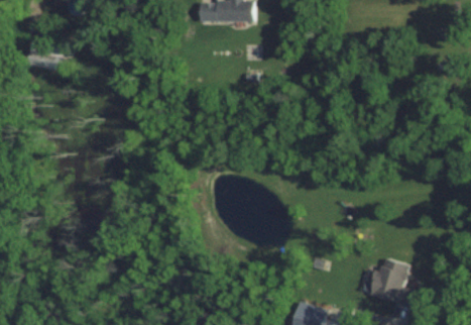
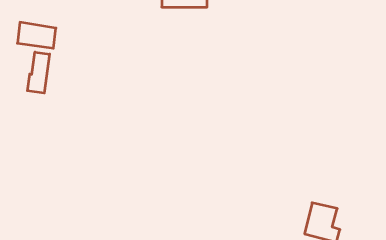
building: none -> [27,52,50,93]

